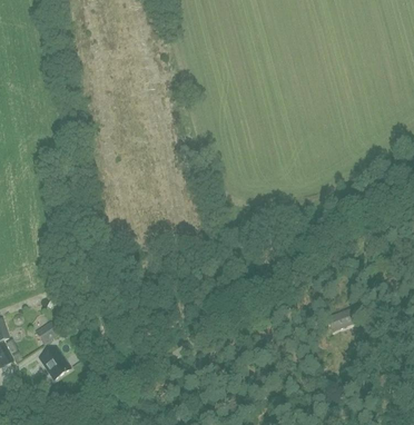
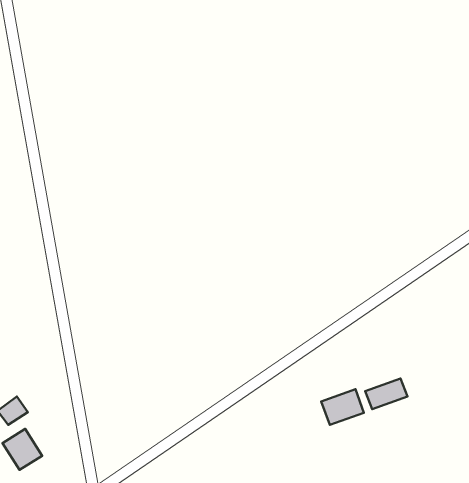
building: none -> [321,389,364,425]

